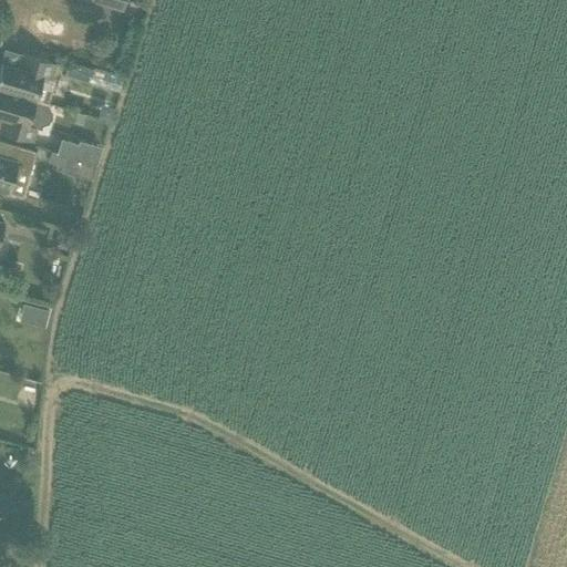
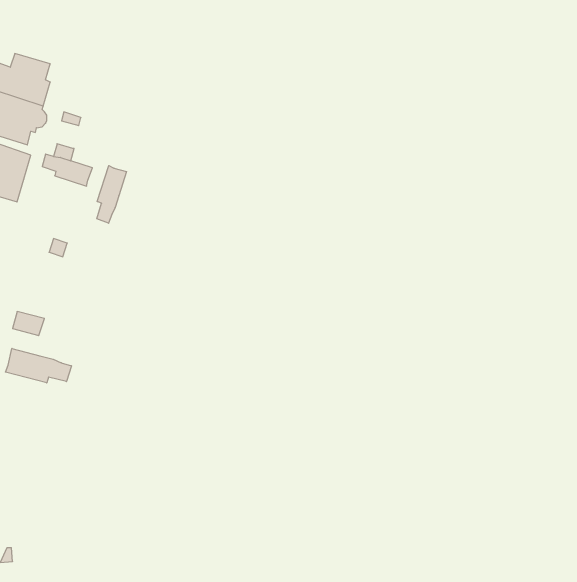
building: none -> [97,166,127,223]
building: none -> [5,348,71,383]

